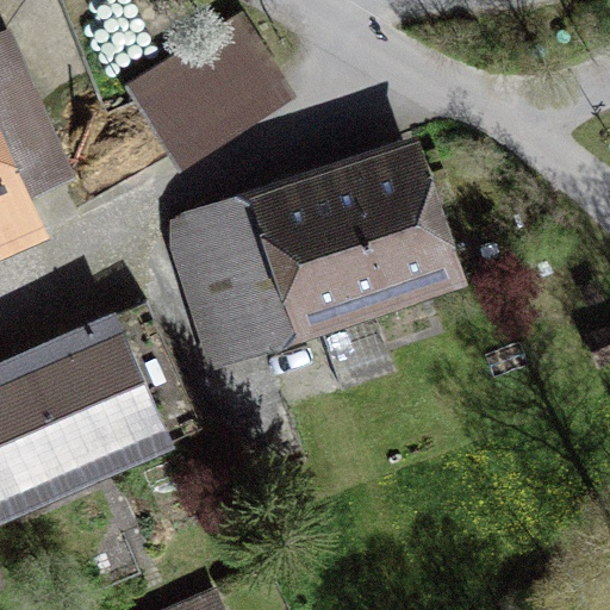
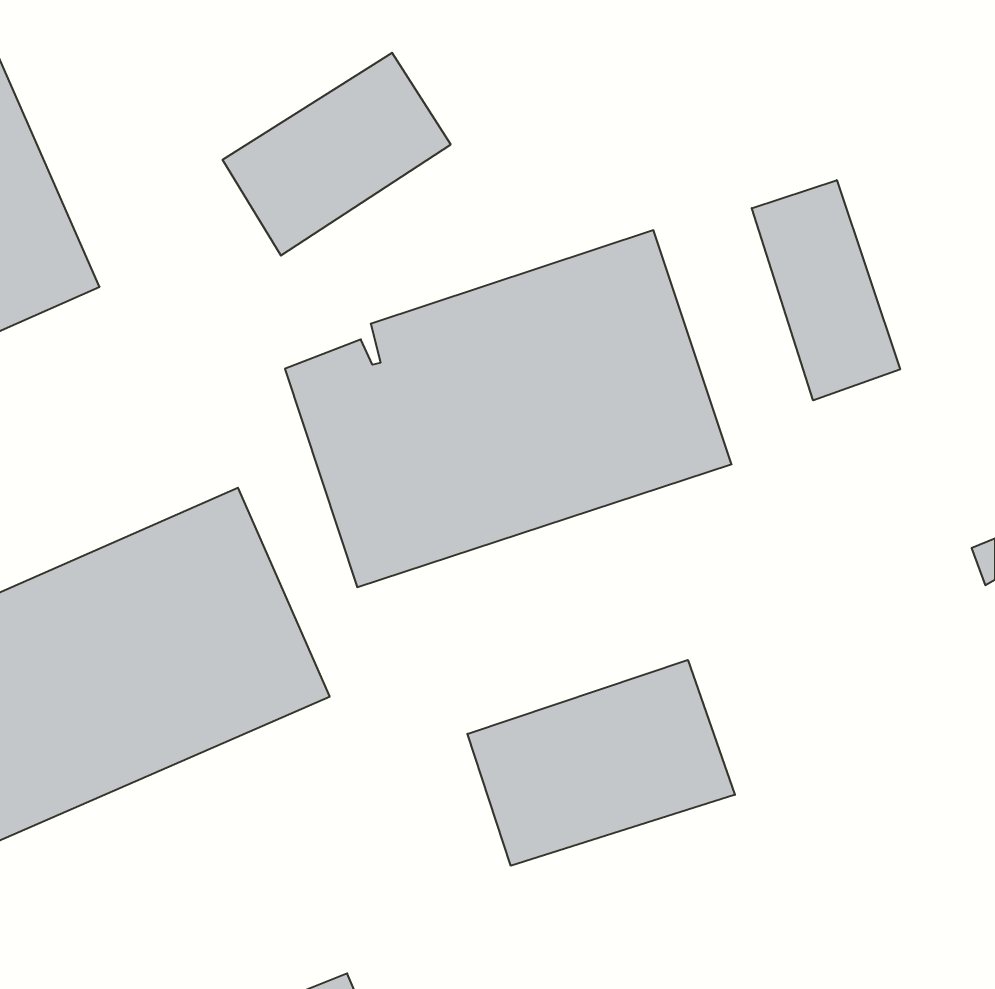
building: none -> [752,180,900,400]
building: none -> [467,660,735,866]

